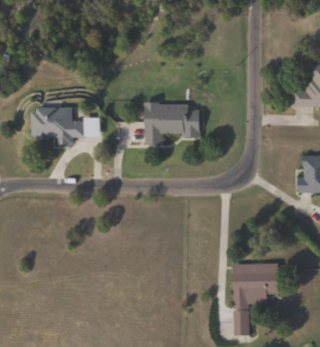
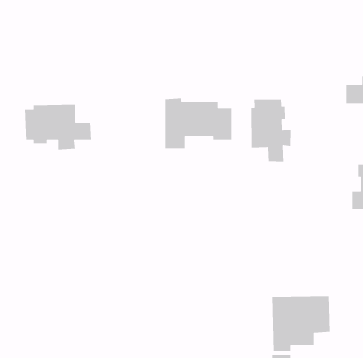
building: none -> [251,99,292,162]

